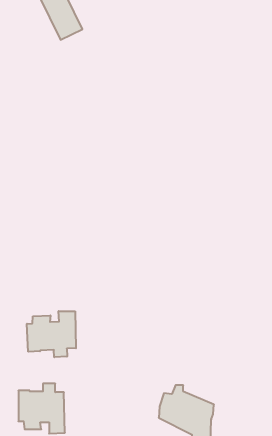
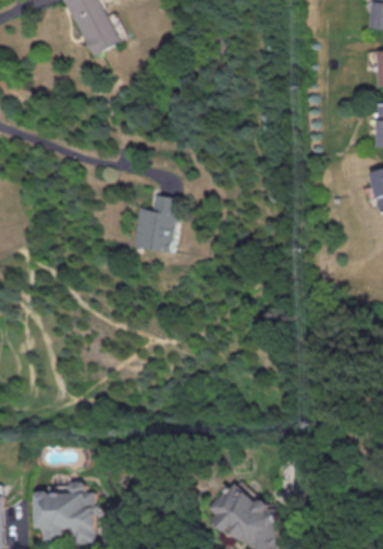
building: none -> [133,195,176,252]
building: [27,311,76,357] -> none

